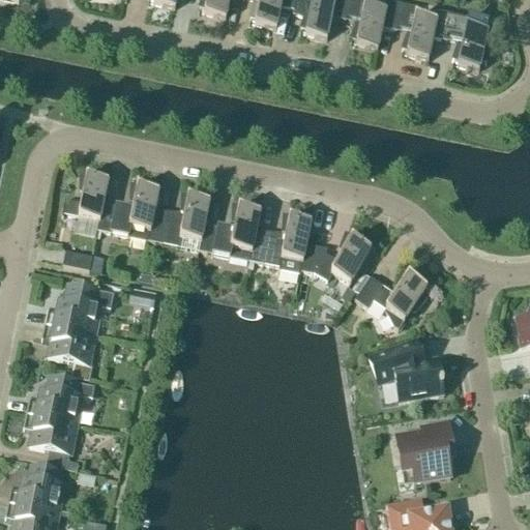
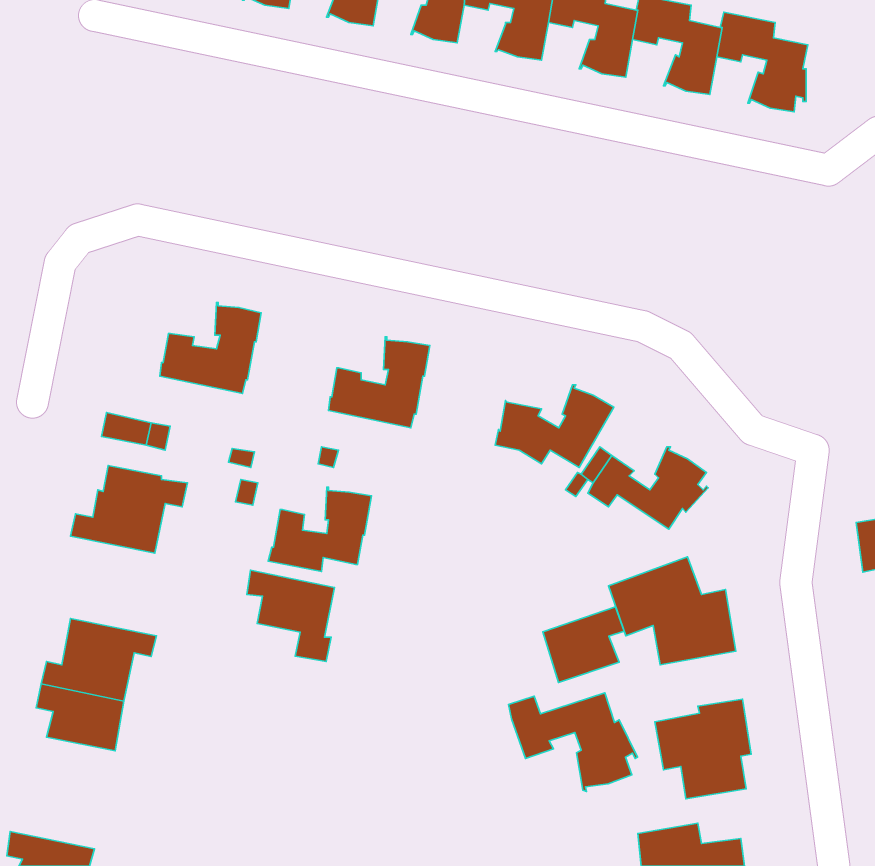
building: [62,172,110,218] -> none
building: [148,193,210,243] -> [268,487,371,571]
building: [249,213,312,271] -> none
building: [42,323,95,378] -> [247,570,335,661]
building: none -> [543,607,624,683]
building: none -> [509,693,638,791]
building: [8,462,65,511] -> none

